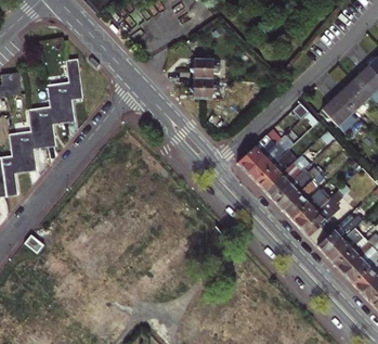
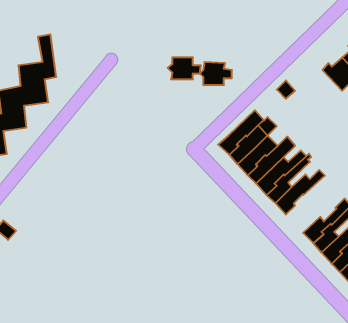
building: [190,58,220,79] -> [200,62,232,85]
building: [321,91,353,126] -> none
building: [300,191,341,245] -> none

